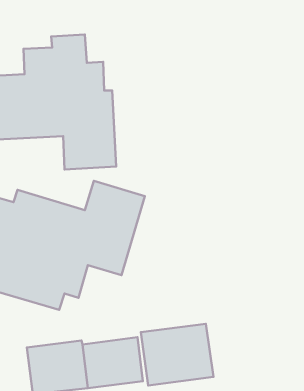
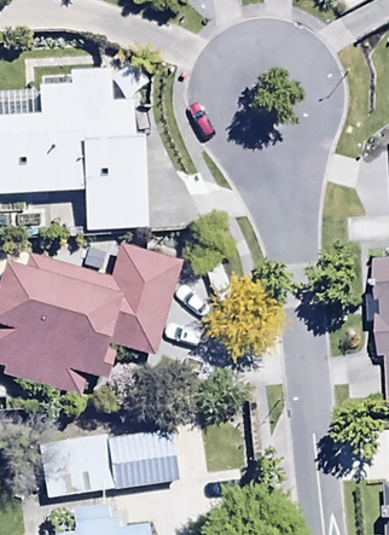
building: [141,324,213,385] -> none

